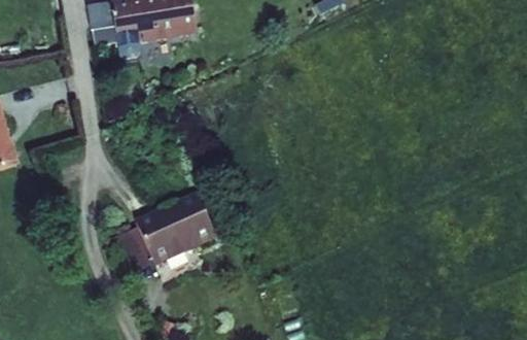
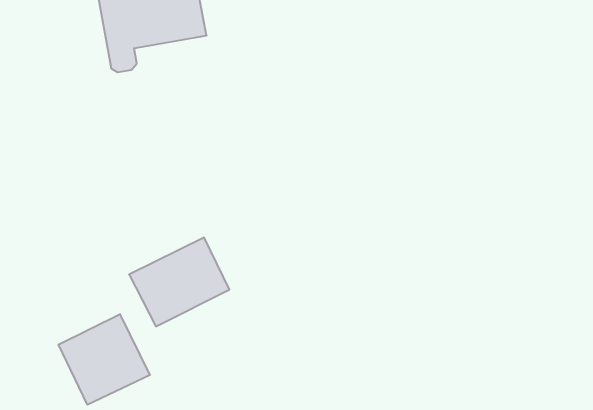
building: none -> [59,314,150,405]

